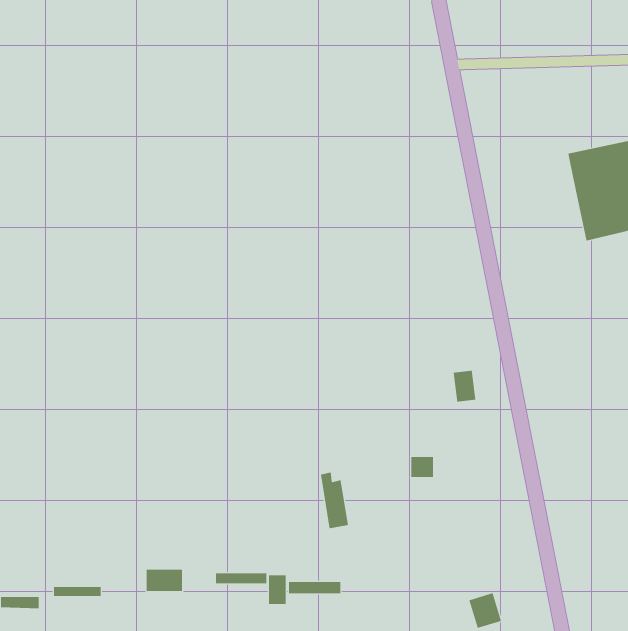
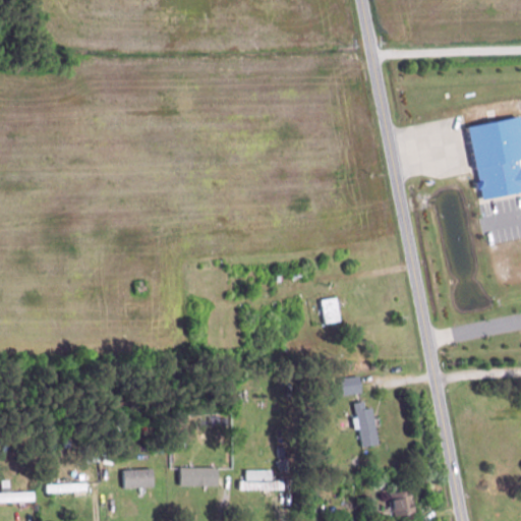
building: [453,370,476,402] -> [322,296,341,323]
building: [320,472,349,529] -> [355,400,379,447]
building: [268,574,286,605] -> none

